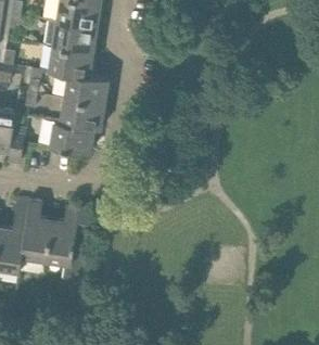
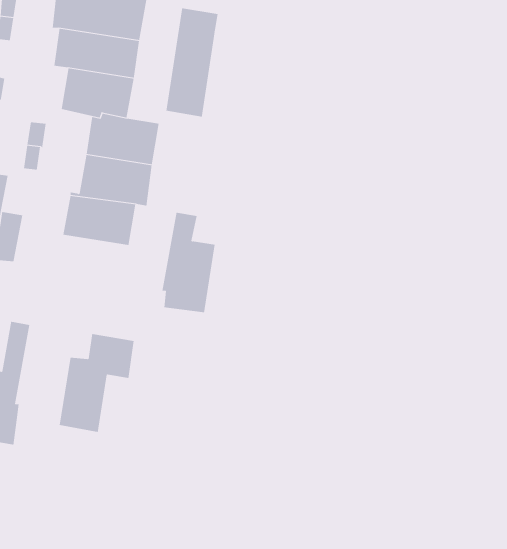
building: none -> [166,7,218,118]
building: [21,199,53,259] -> [162,212,216,313]

